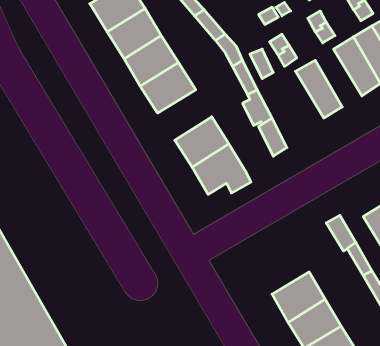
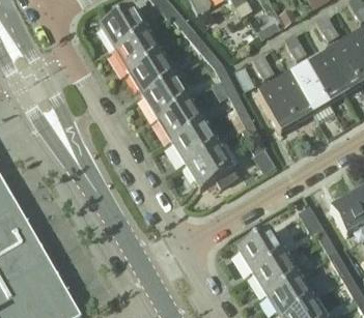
building: none -> [288,63,328,112]
building: none -> [256,82,296,132]
building: none -> [156,97,201,140]
building: none -> [237,227,283,269]

